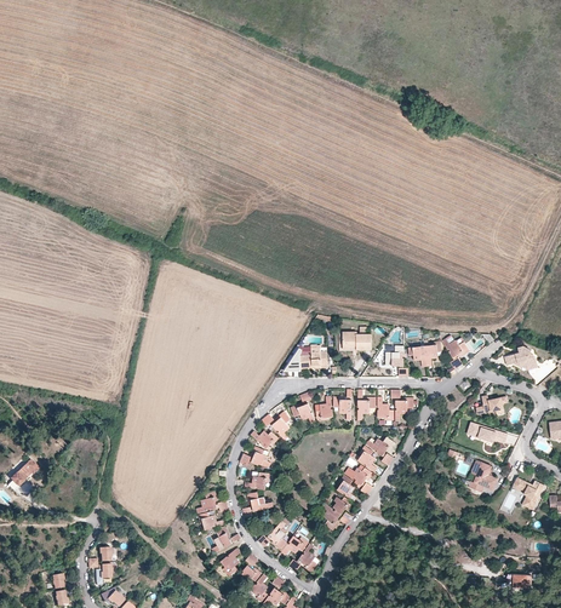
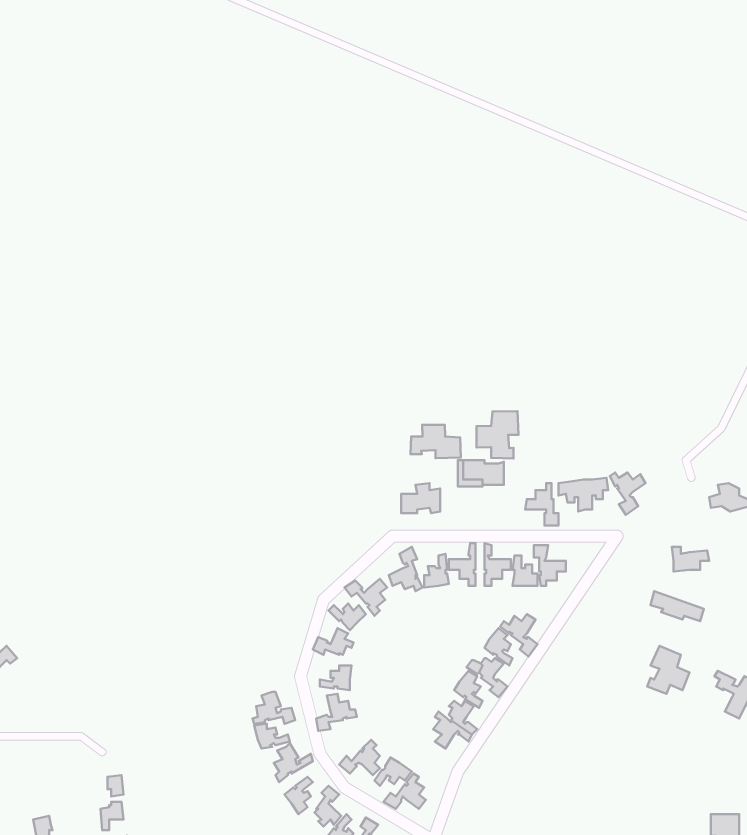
building: none -> [476,411,519,458]
building: none -> [410,425,461,458]

